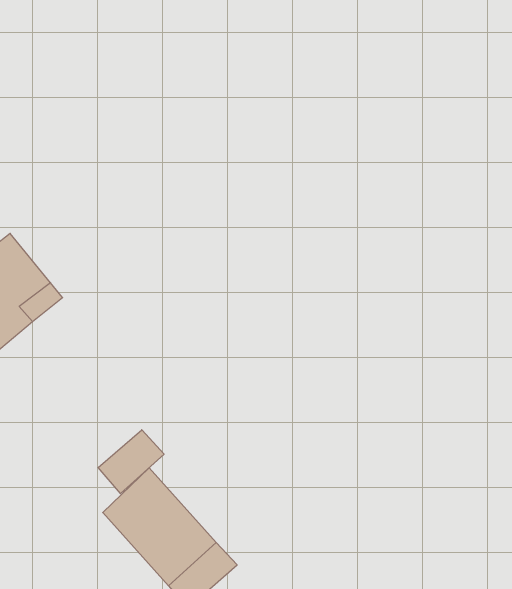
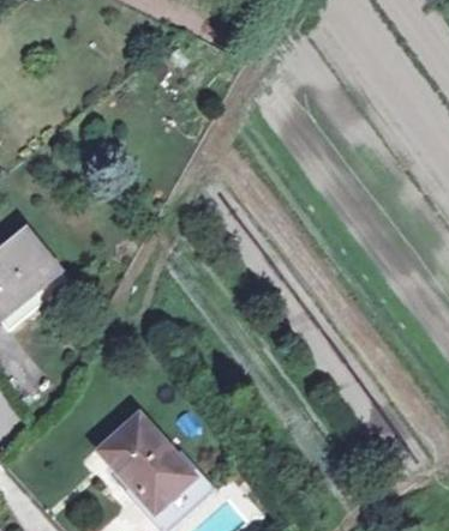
building: [98,430,164,494] -> none

